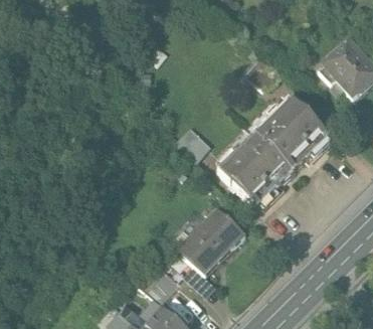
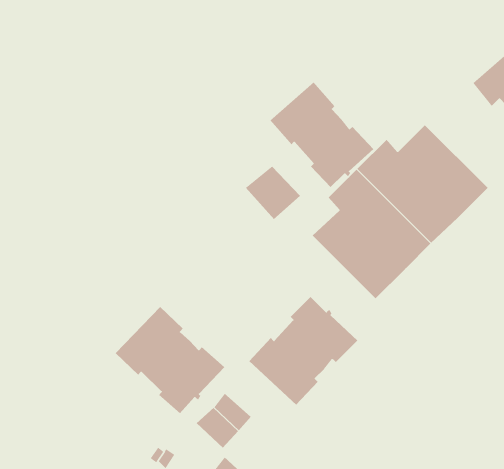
building: none -> [270,82,374,188]
building: none -> [115,306,225,414]

